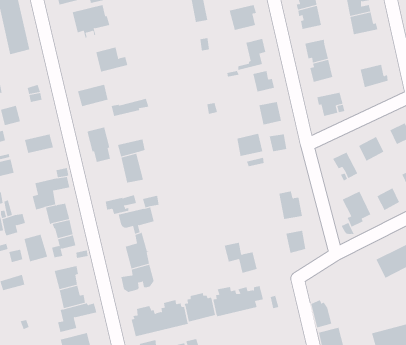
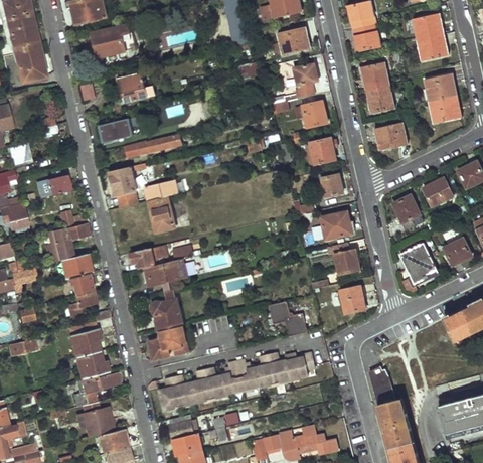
building: none -> [421,71,452,101]
building: [236,133,263,157] -> [320,212,351,240]
building: [24,234,48,262] -> none

